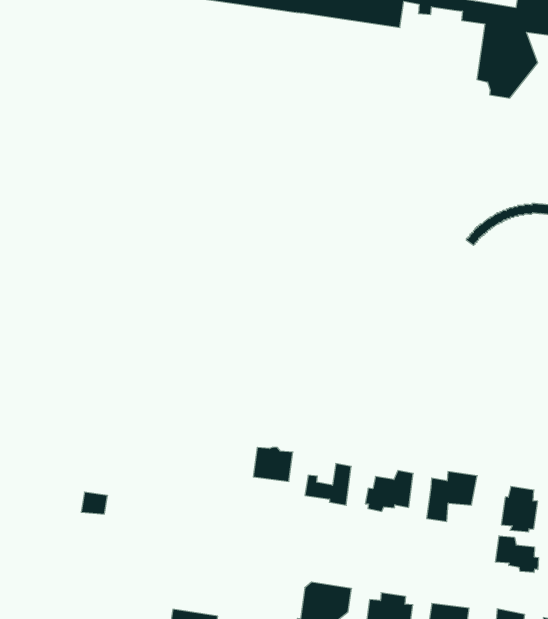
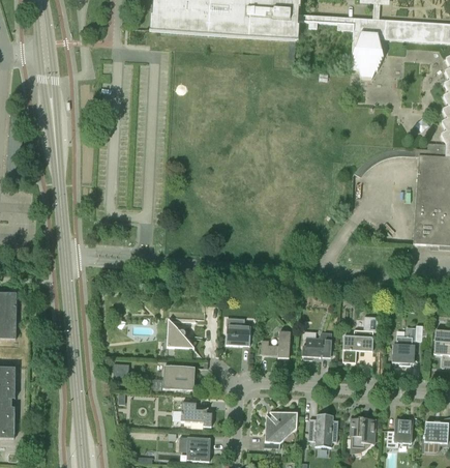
building: none -> [167,316,196,348]
building: none -> [166,365,194,388]
building: [495,536,539,573] -> none
building: none -> [180,401,212,426]

